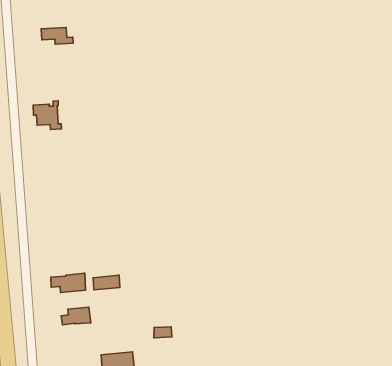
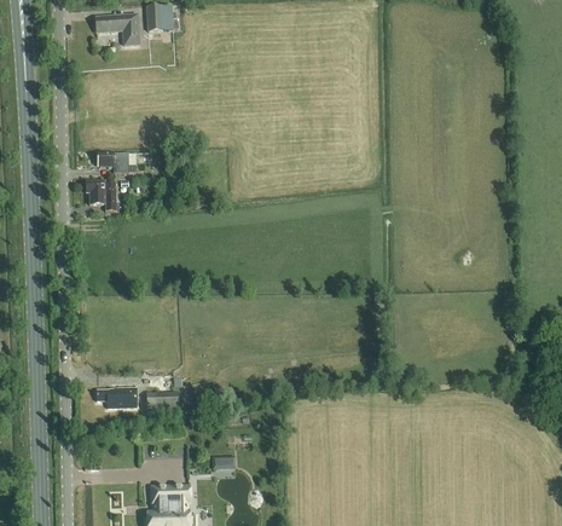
building: [41,28,73,44] -> [98,154,135,173]
building: [61,307,91,325] -> none

